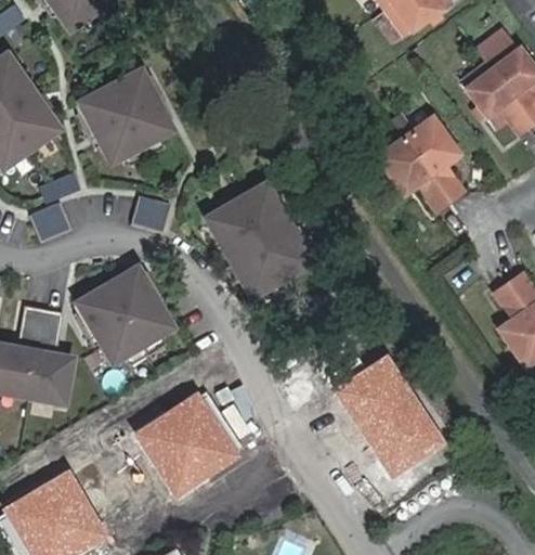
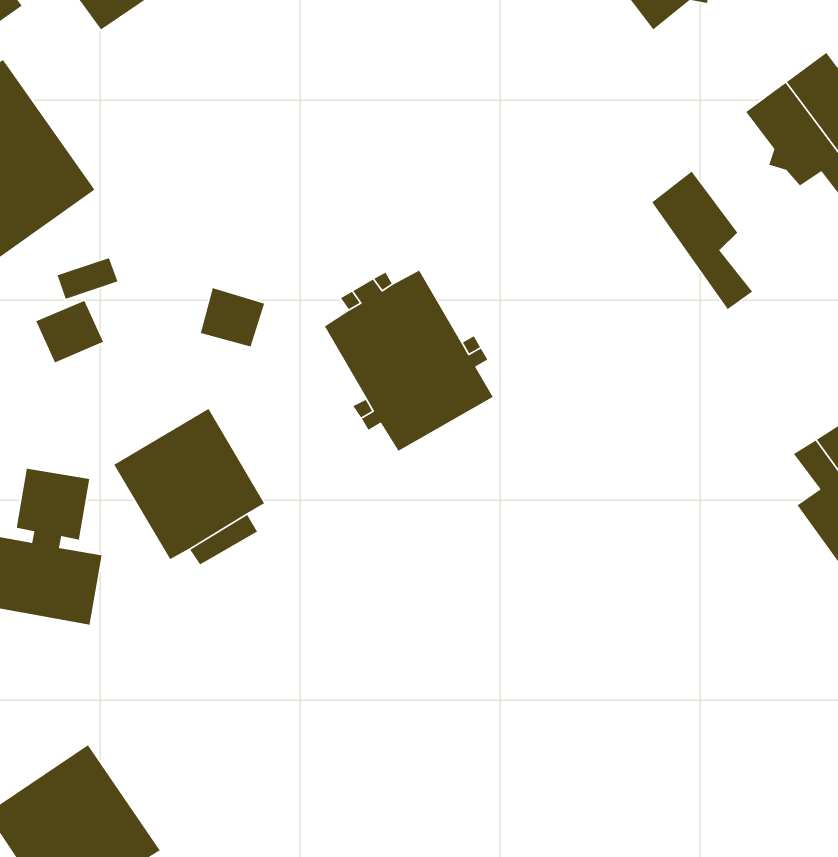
building: [79,66,183,169] -> none
building: [379,139,454,212] -> none
building: [329,354,443,479] -> none
building: [131,393,238,501] -> none

